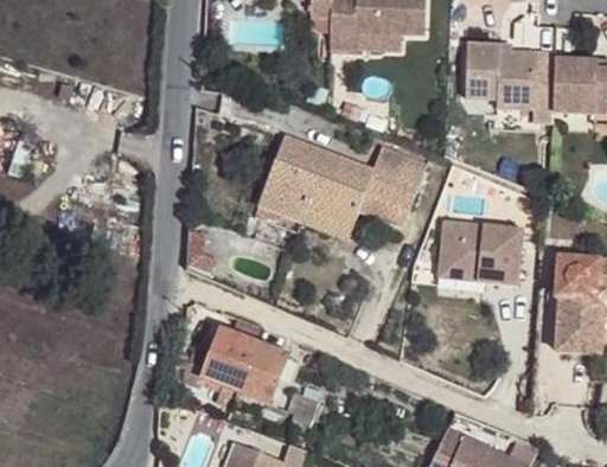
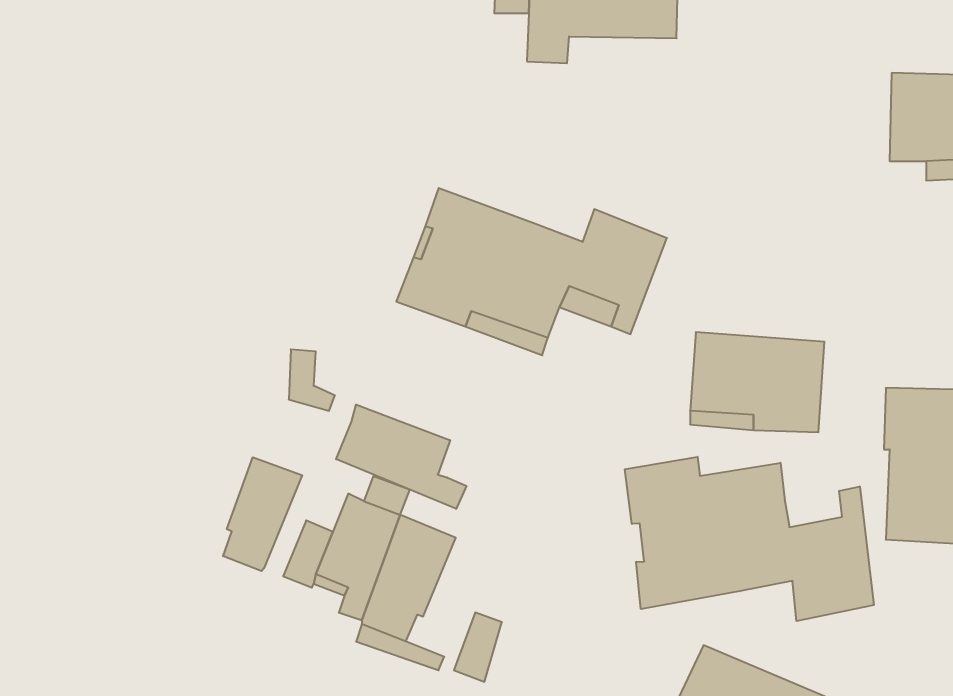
building: [472,46,561,124] -> none
building: none -> [336,405,466,509]
building: none -> [625,457,874,621]
building: none -> [223,457,302,571]

